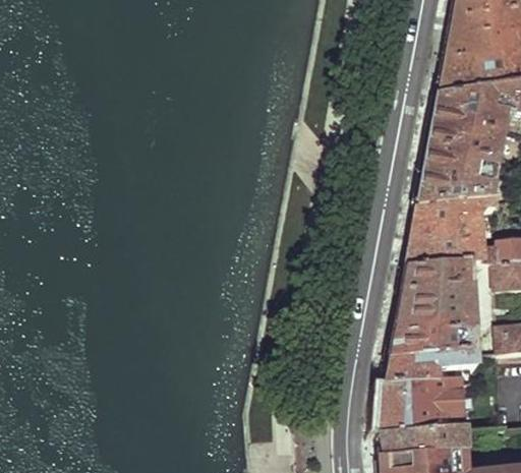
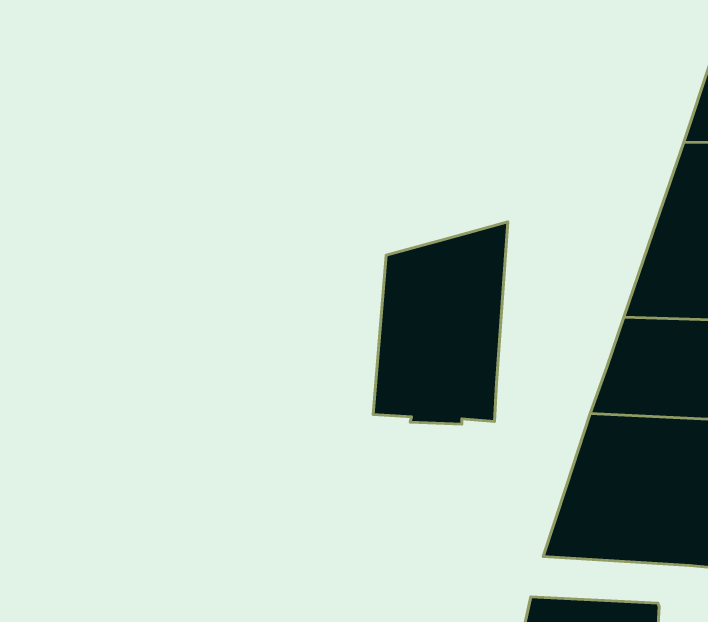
building: none -> [373,222,508,424]
building: [383,356,477,389] -> none

